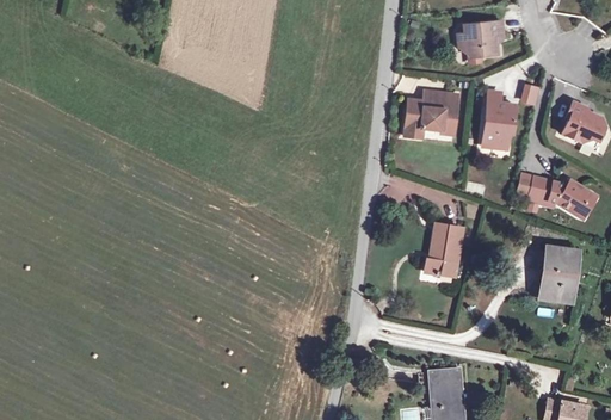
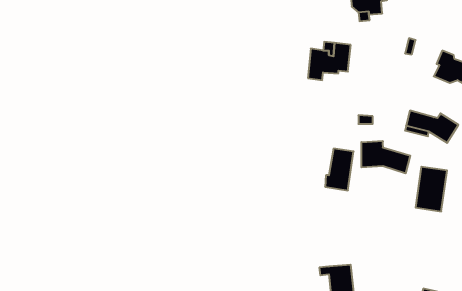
building: [483,98,516,148] -> none
building: none -> [361,141,410,173]

